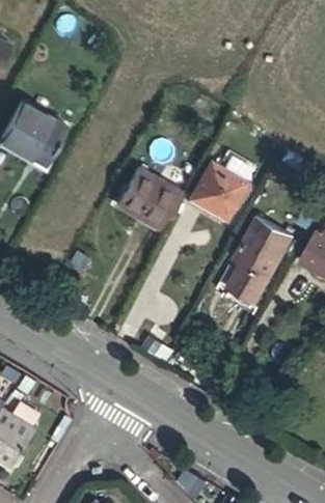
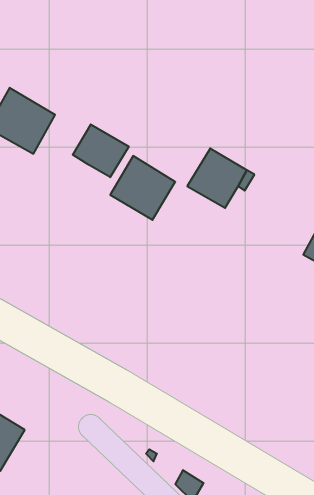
building: none -> [73,124,129,177]
building: [226,213,289,298] -> none

